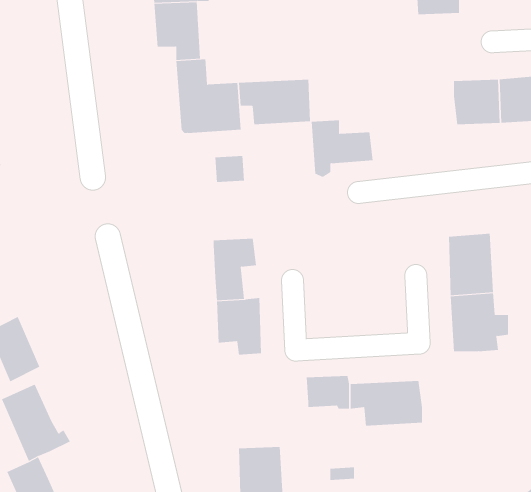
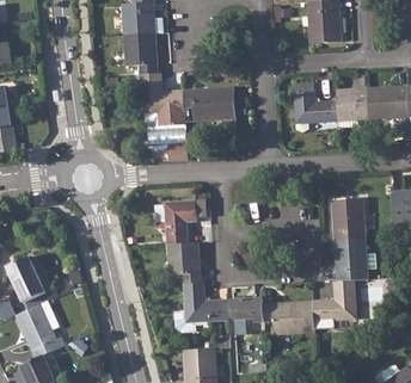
building: [311,120,374,177] -> [294,92,338,132]
building: none -> [312,280,356,320]
building: none -> [184,282,227,321]

